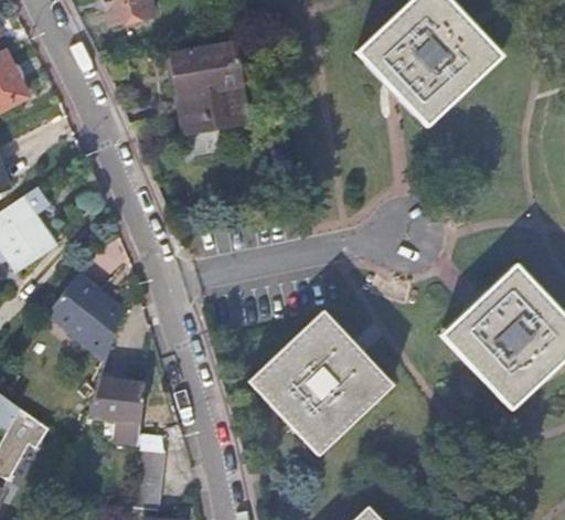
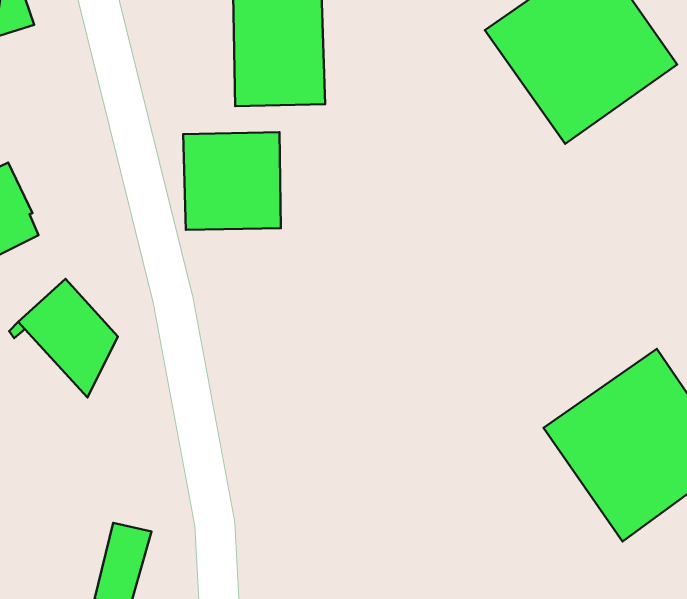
building: none -> [183,132,281,230]
building: [248,310,392,454] -> none
building: [89,380,147,444] -> none

